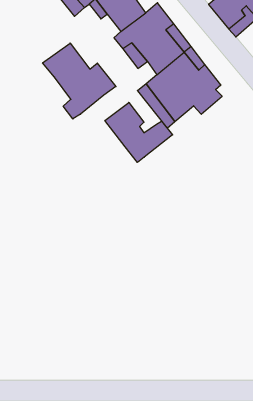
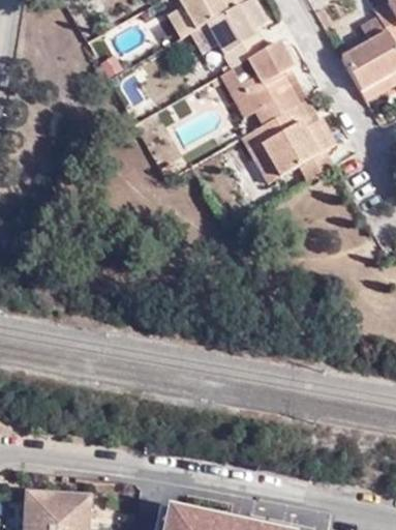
building: [43,43,116,119] -> none
building: [105,102,173,162] -> none

